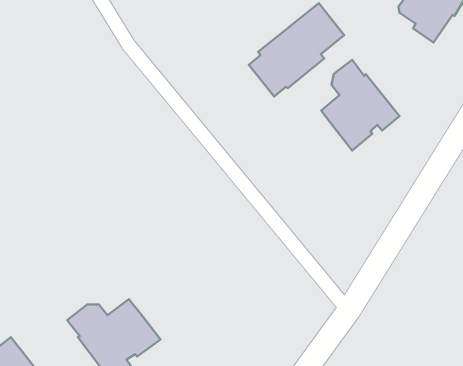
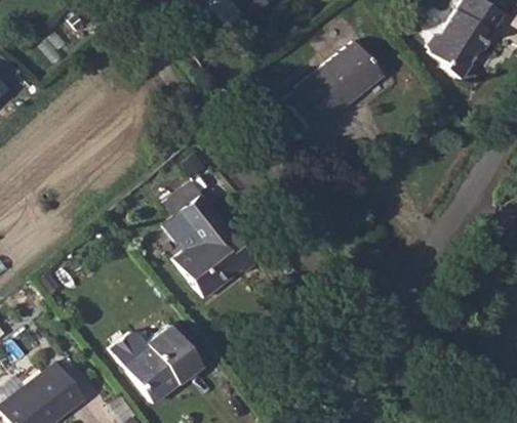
building: [321,60,400,150] -> none
building: none -> [173,196,255,298]

